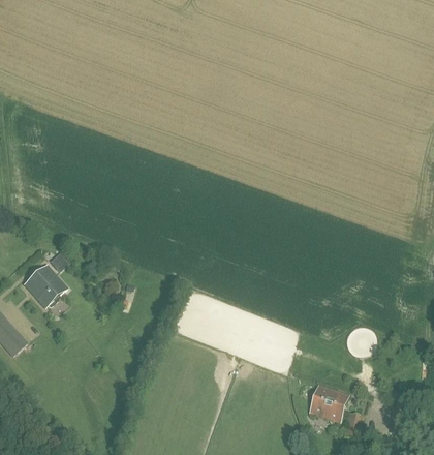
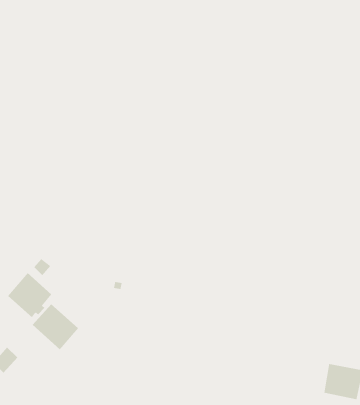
building: none -> [32,304,79,350]

